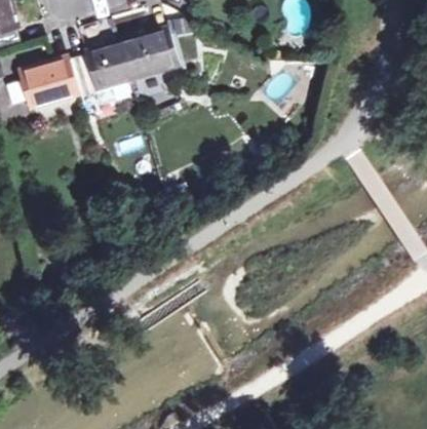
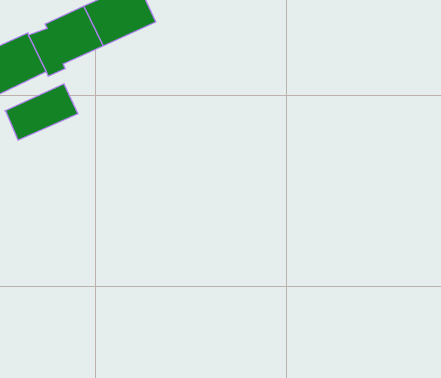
building: none -> [5,84,78,140]

